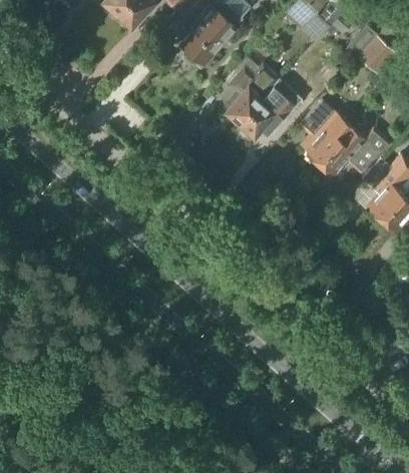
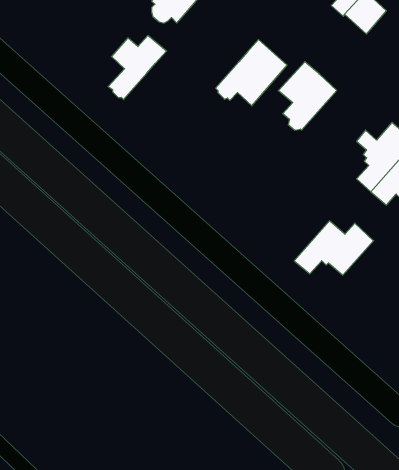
building: [226,65,279,123] -> [108,36,167,100]
building: [318,125,390,174] -> [294,221,374,275]

